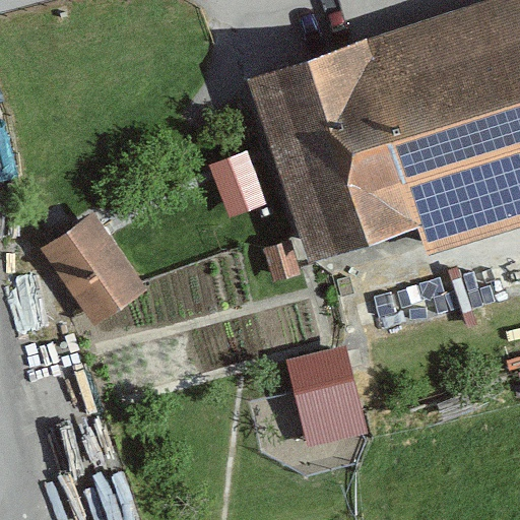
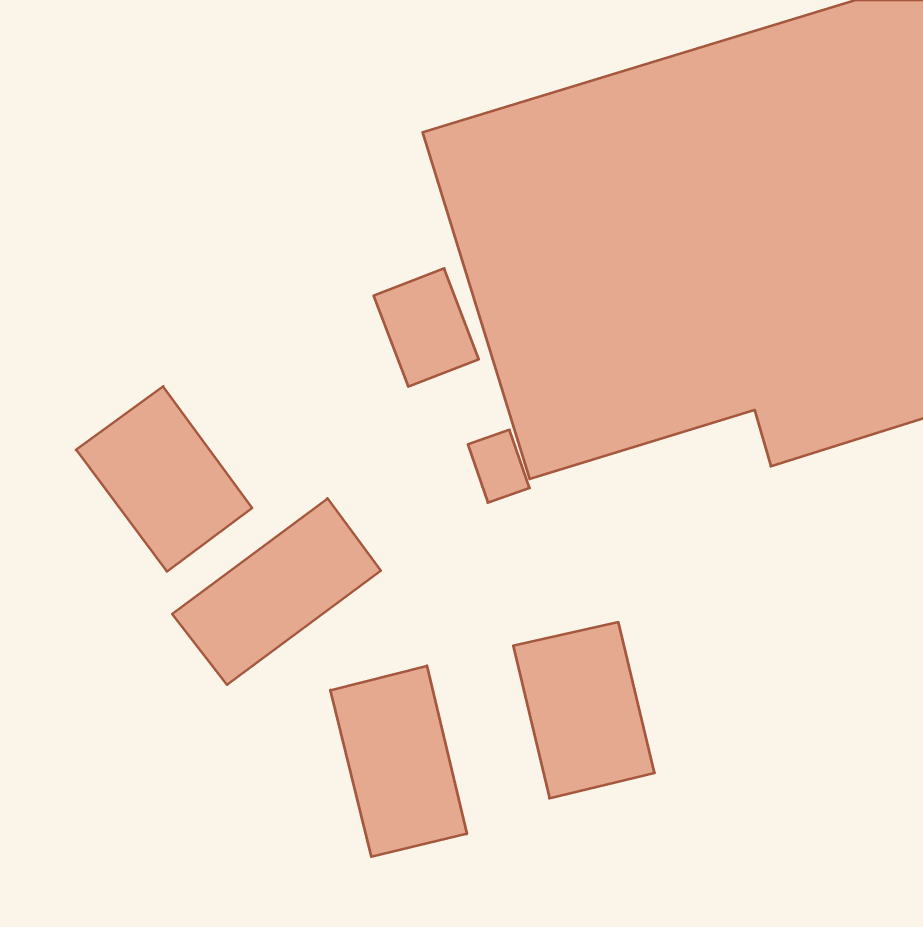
building: none -> [172,498,381,685]
building: none -> [330,666,467,857]

